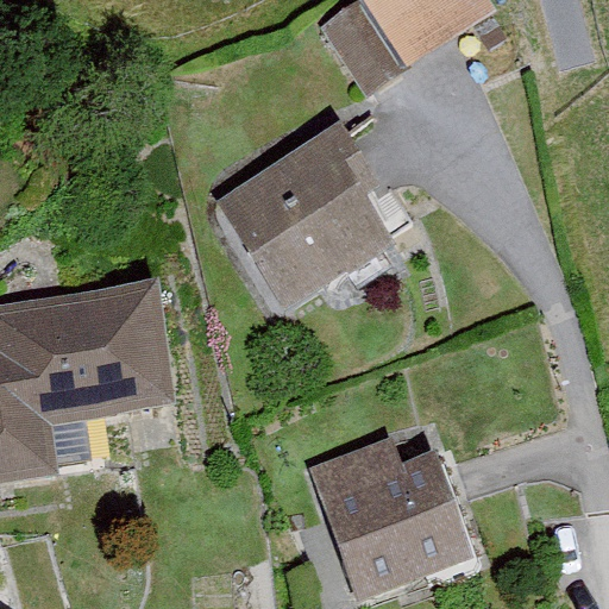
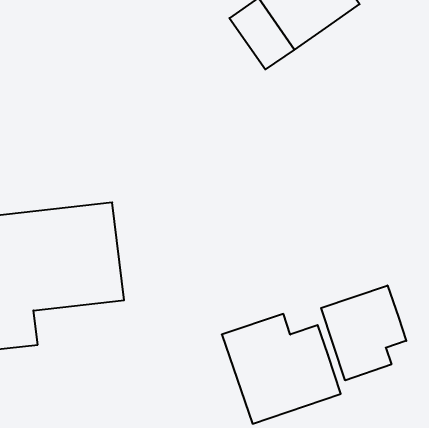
building: [211,121,397,316] -> none
building: none -> [321,285,406,380]

